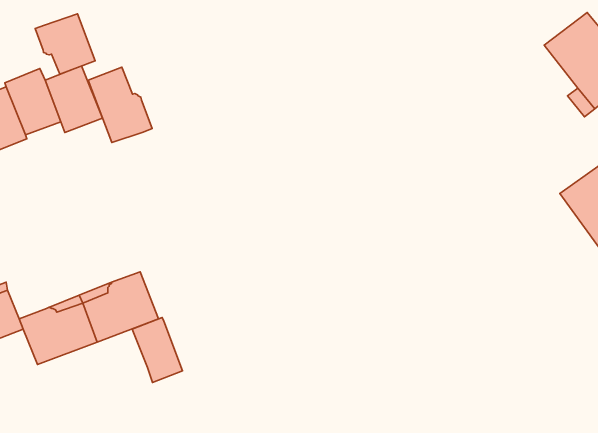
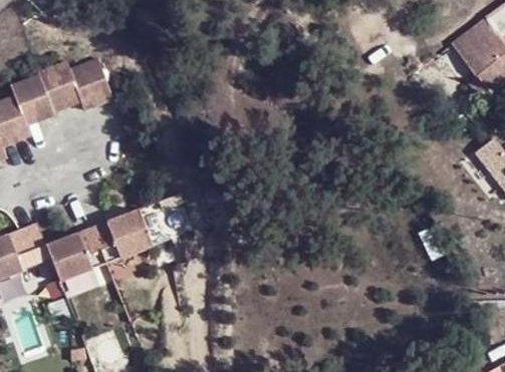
building: [35,14,95,74] -> none
building: [88,67,152,142] -> none
building: [132,317,183,383] -> none

